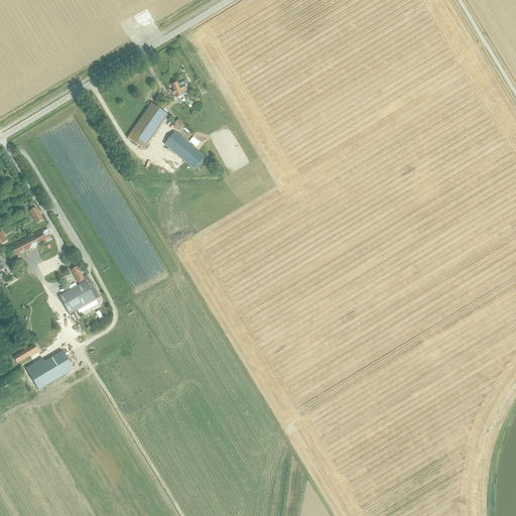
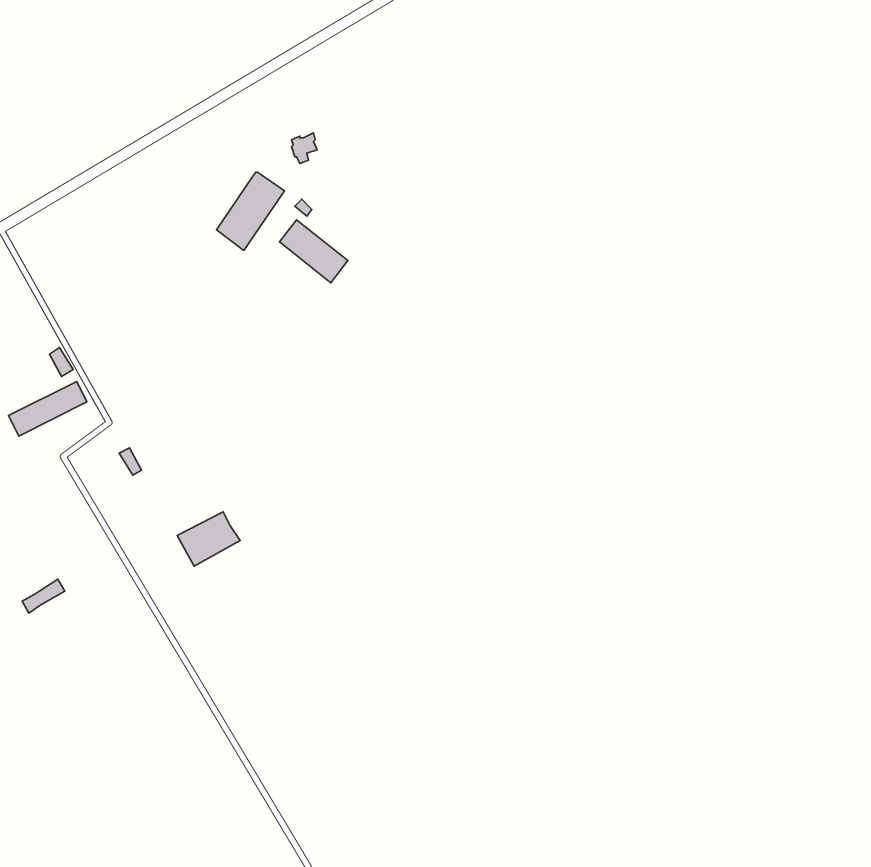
building: [58,280,96,312] -> [177,512,240,566]
building: [27,355,64,388] -> none

